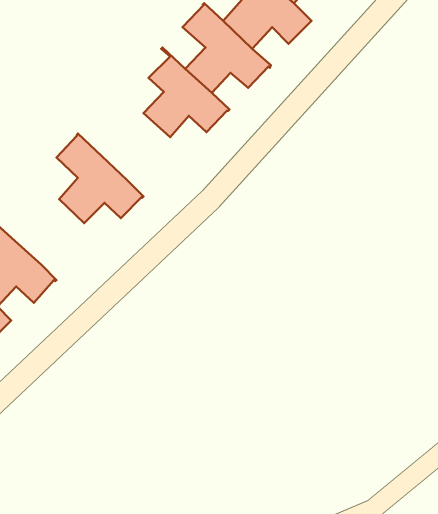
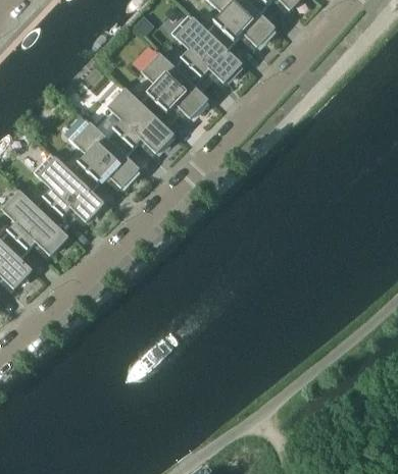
building: none -> [105,84,173,156]
building: none -> [33,153,104,224]

